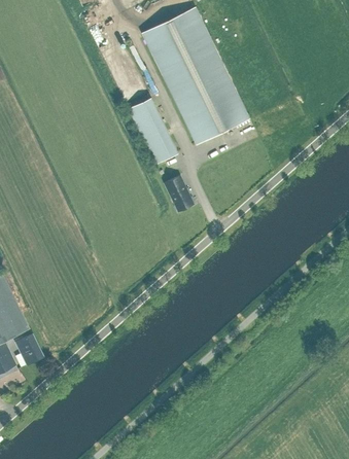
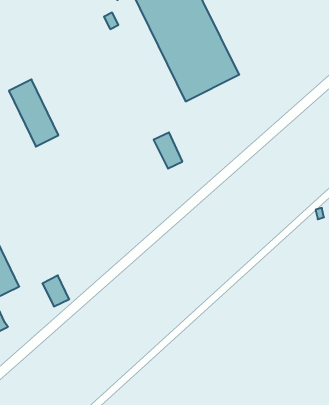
building: [128,97,177,164] -> [9,79,58,147]
building: [16,332,43,363] -> [42,275,69,306]

